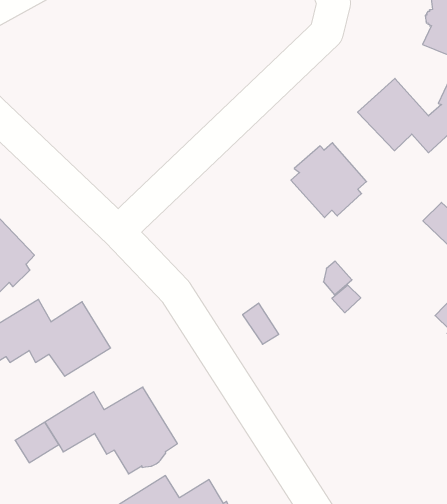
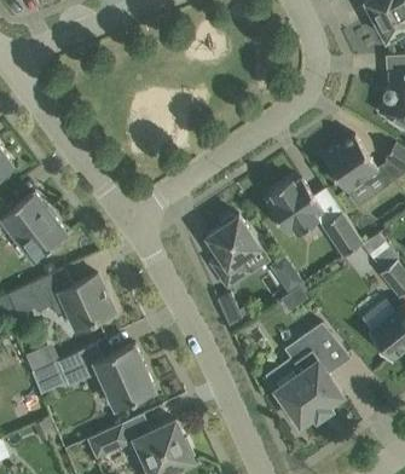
building: none -> [323,213,364,258]
building: none -> [206,215,261,288]
building: none -> [274,320,351,426]

